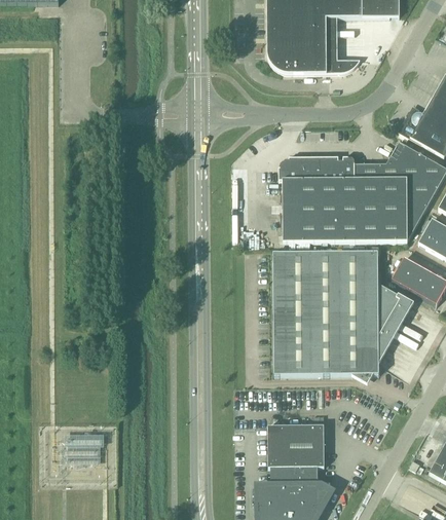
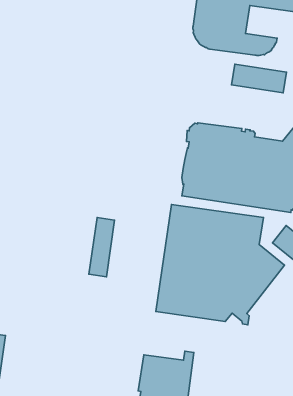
building: none -> [231,64,286,93]
building: none -> [89,217,114,277]

